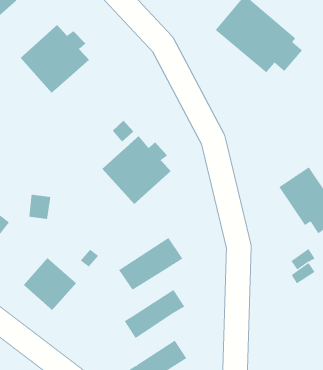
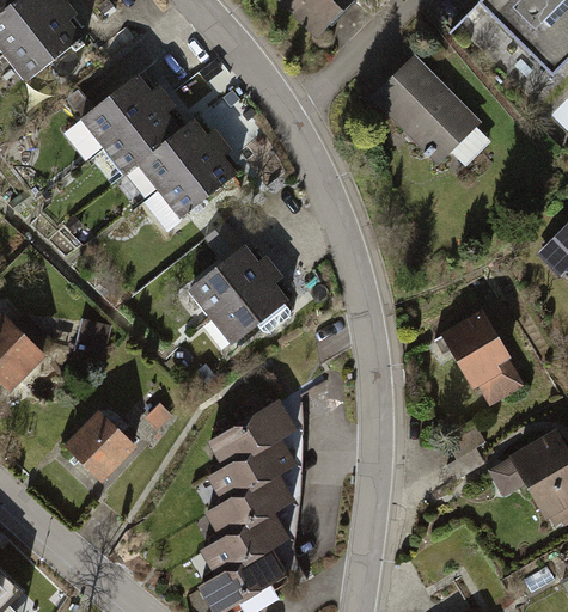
building: none -> [139,121,239,221]
building: none -> [201,435,294,504]
building: none -> [201,506,289,575]

